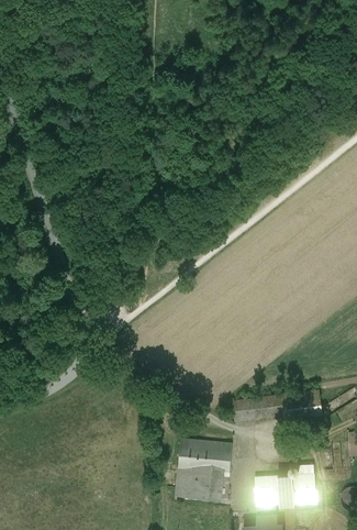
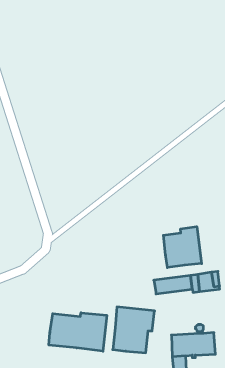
building: none -> [163,227,202,268]
building: none -> [49,313,107,351]

